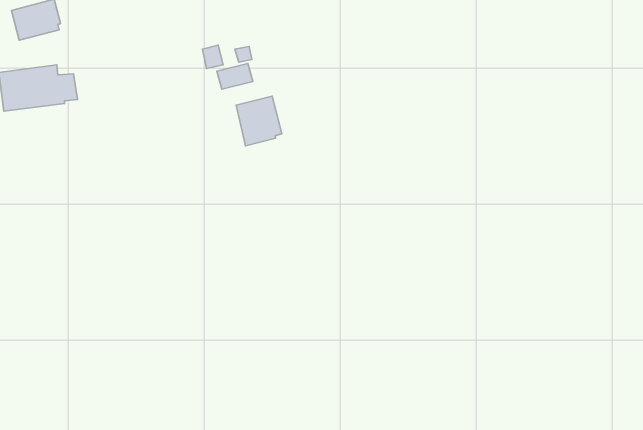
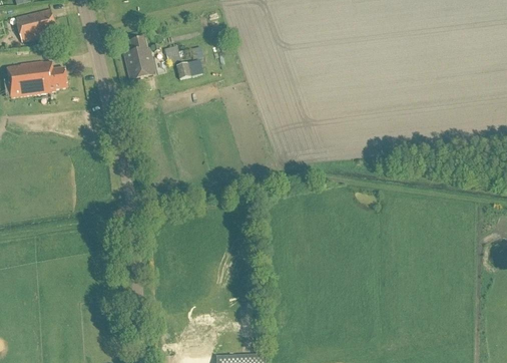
building: none -> [123,36,155,79]
building: [236,96,282,146] -> none

